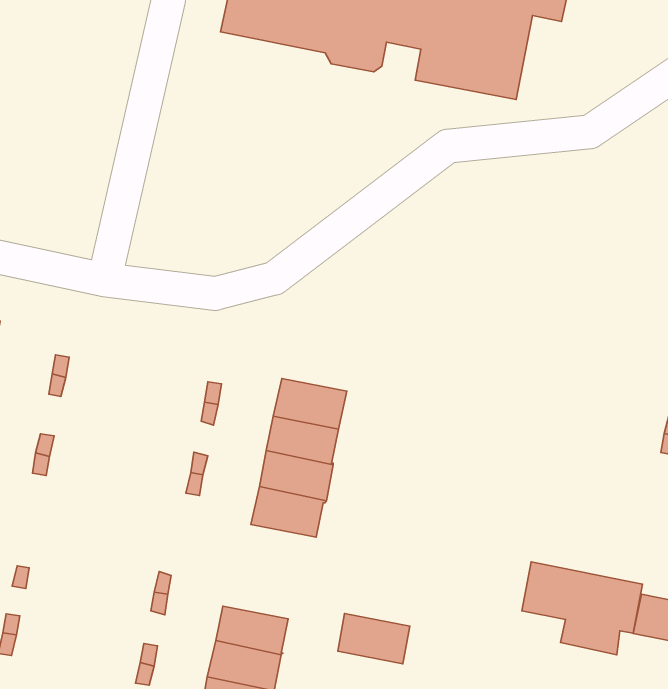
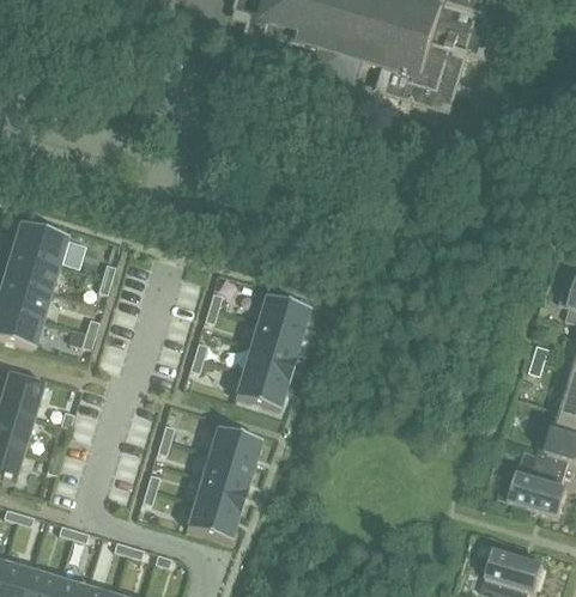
building: [522,562,643,655] -> none
building: [338,614,410,664] -> [210,425,262,464]

